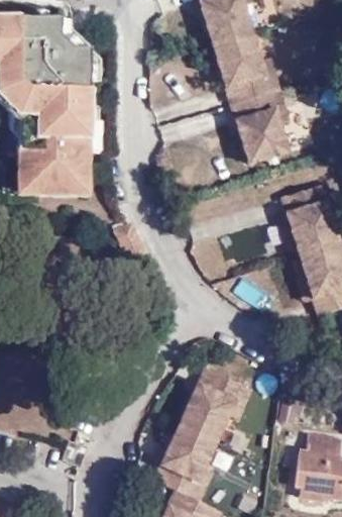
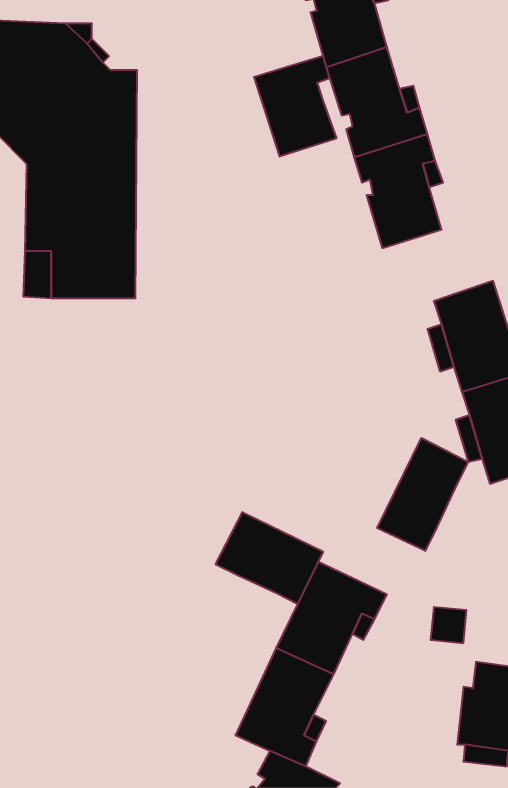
building: none -> [254,56,336,157]
building: none -> [377,438,468,551]
building: none -> [216,512,323,604]

